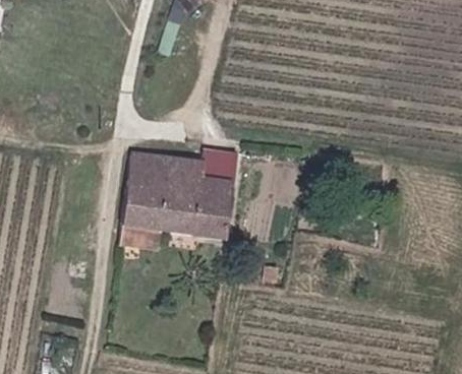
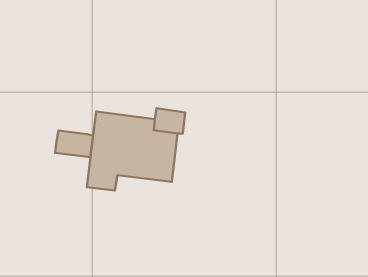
building: none -> [55,131,93,157]

